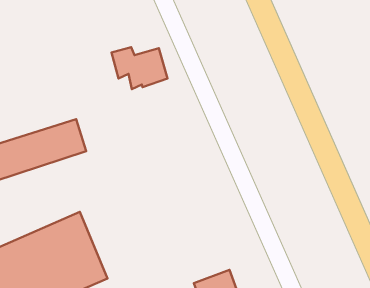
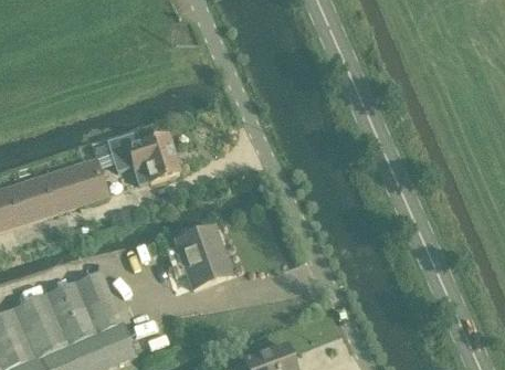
building: [111,47,168,89] -> [111,133,180,184]
building: none -> [167,226,232,289]

